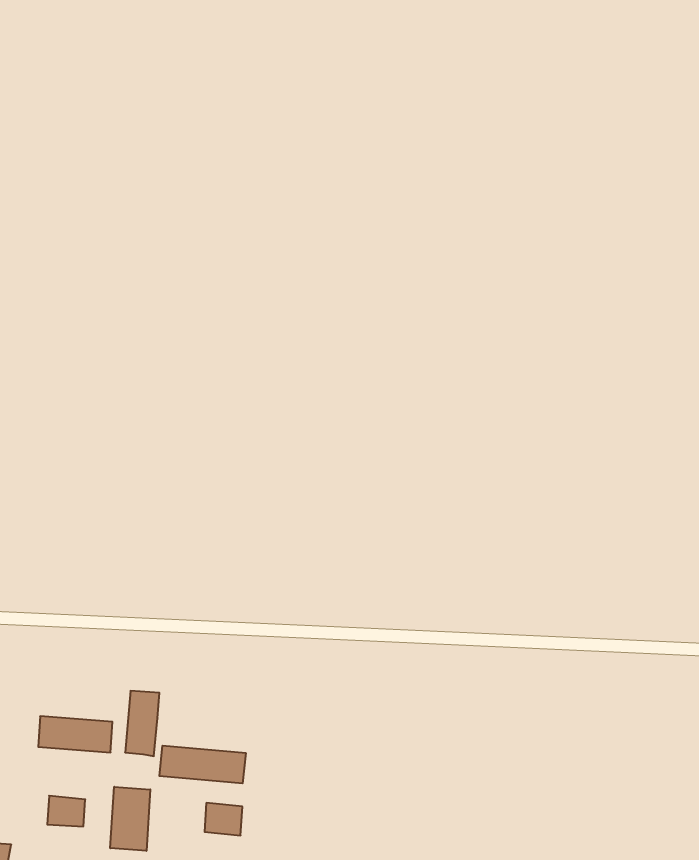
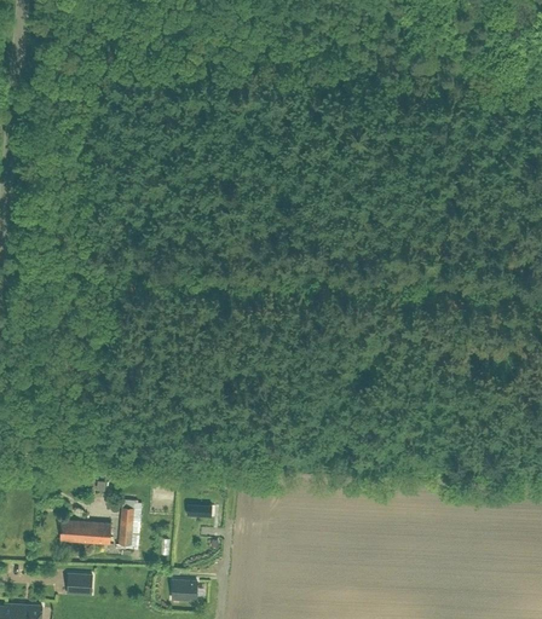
building: [159,746,246,783] -> none
building: [110,787,150,851] -> none

